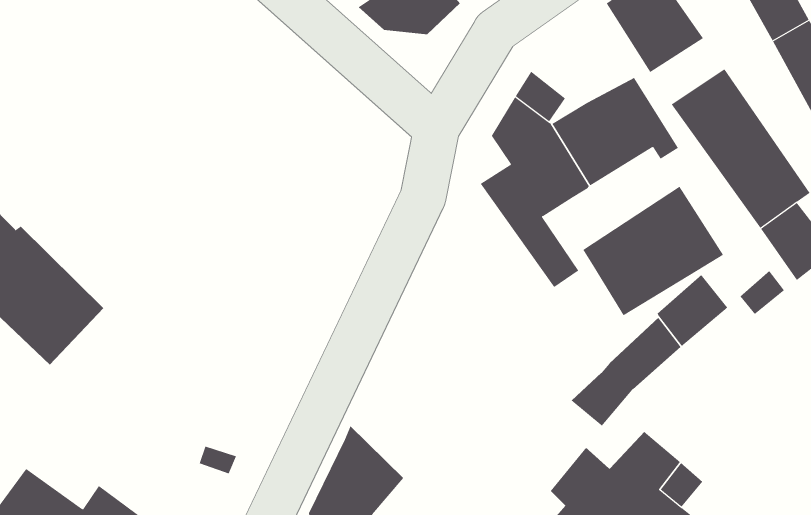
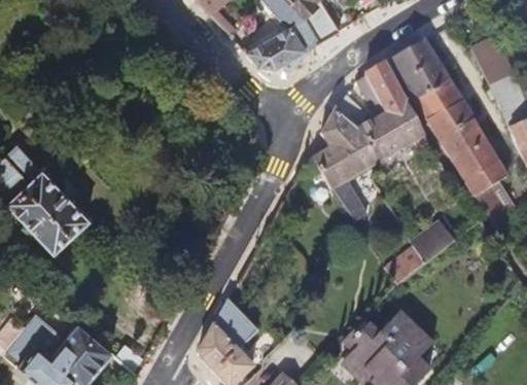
building: none -> [357,63,408,116]
building: none -> [417,82,461,120]
building: [583,186,724,316] -> none

